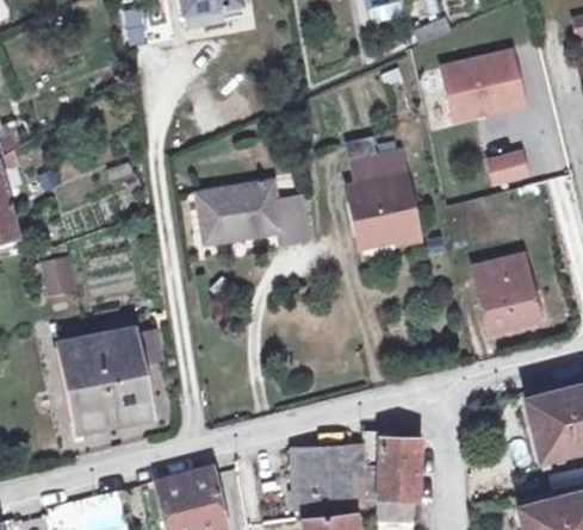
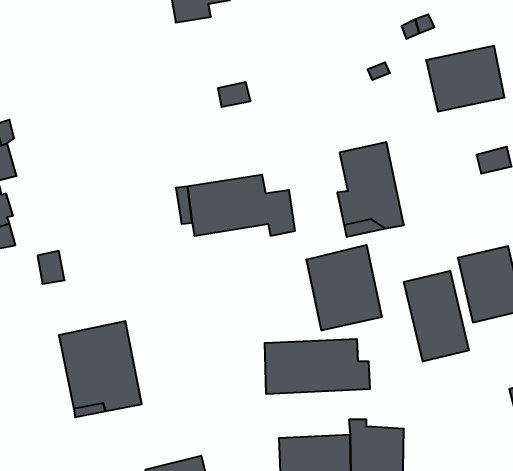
building: none -> [306,245,382,330]
building: none -> [404,271,469,362]
building: none -> [265,339,370,394]

